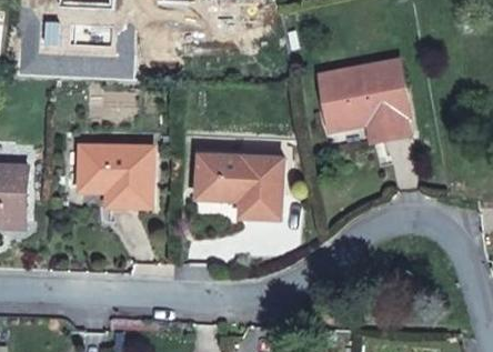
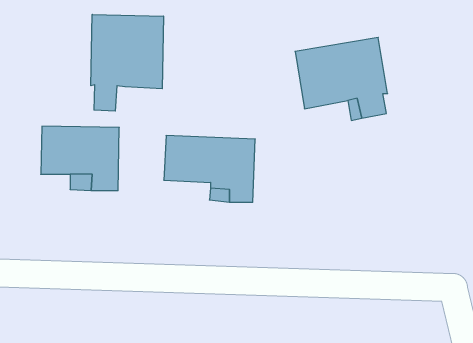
building: none -> [91,14,163,111]

